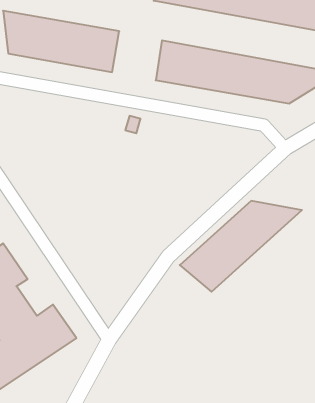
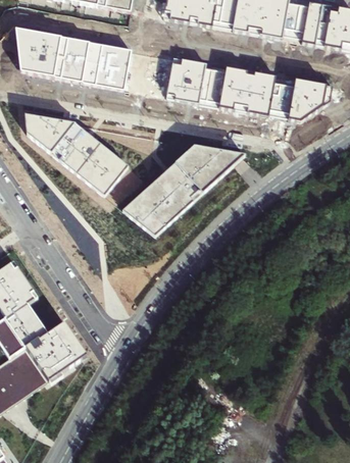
building: none -> [22,112,127,193]
building: [180,201,302,292] -> [121,144,244,235]

